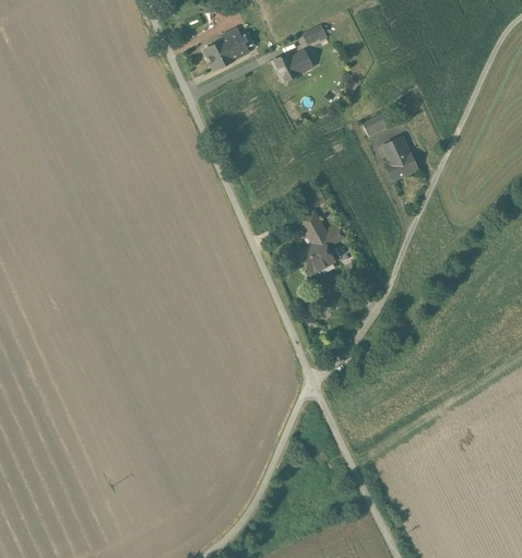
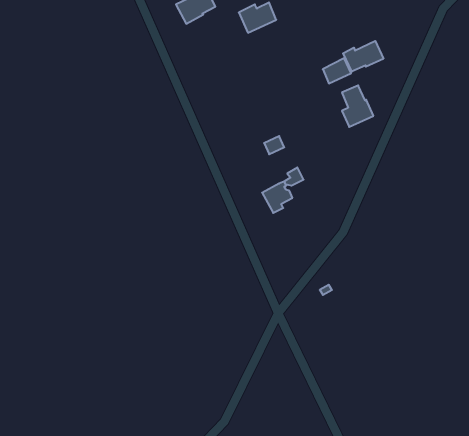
building: none -> [343,41,383,72]
building: [300,212,329,242] -> none

